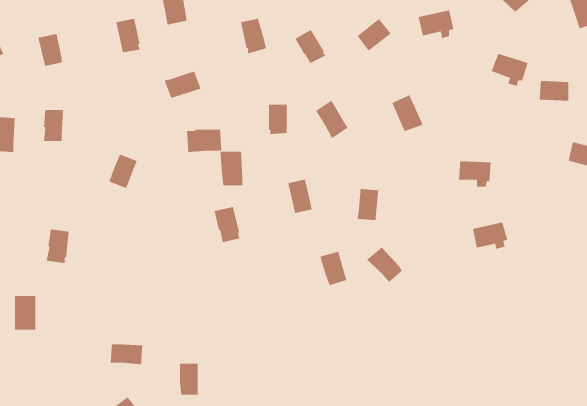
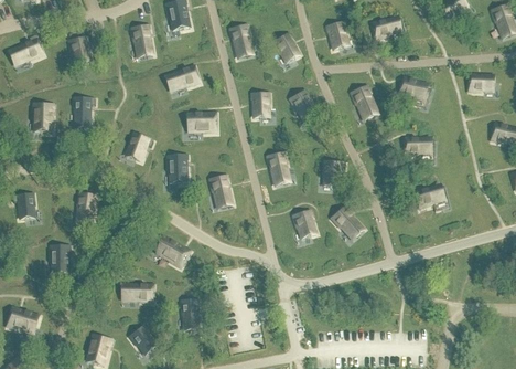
building: [491,53,528,86] -> [398,78,428,105]
building: [220,151,243,186] -> [168,156,186,183]
building: none -> [157,238,190,267]

